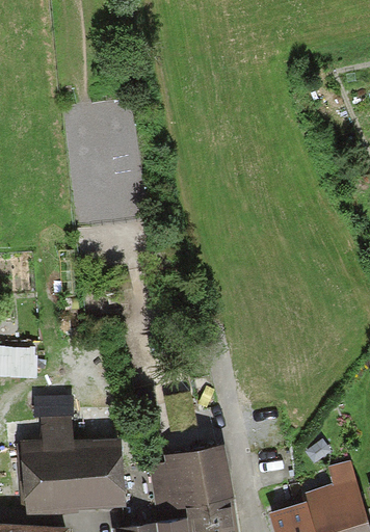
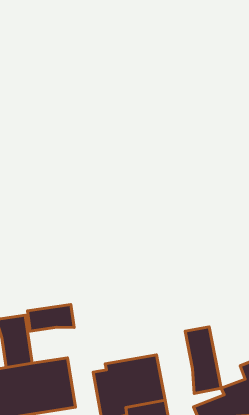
building: none -> [27,304,74,331]
building: none -> [185,327,221,394]

